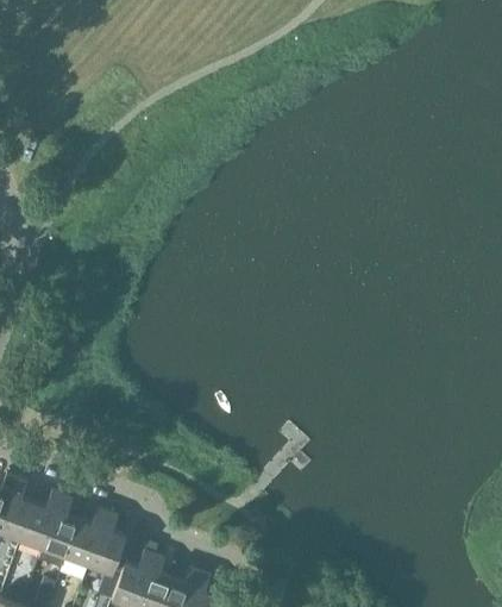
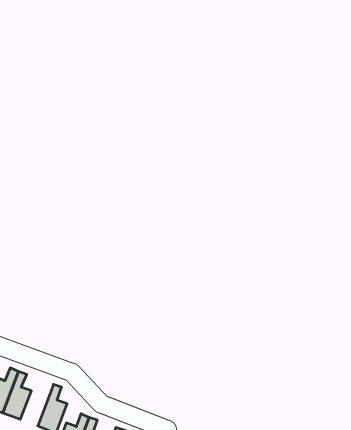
building: [65,509,108,568] -> none

